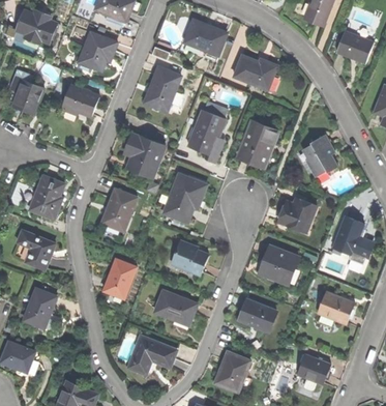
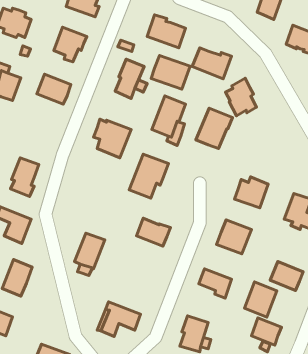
building: none -> [151,56,190,89]
building: [303,132,337,173] -> [225,78,256,116]
building: [103,189,137,231] -> none
building: [154,288,198,322] -> none
building: none -> [244,282,277,317]

